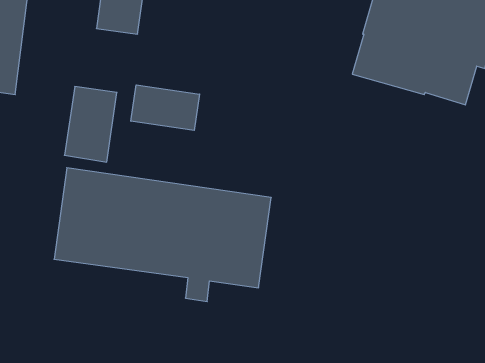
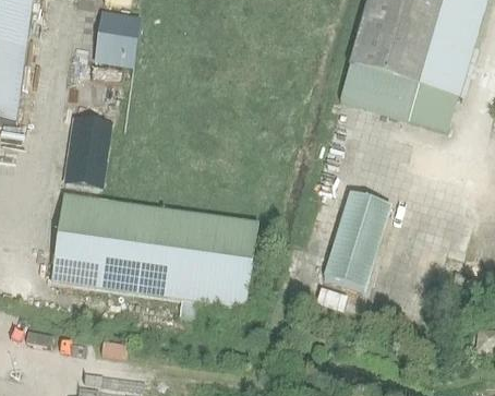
building: [131,85,200,130] -> none
building: none -> [323,191,390,288]

